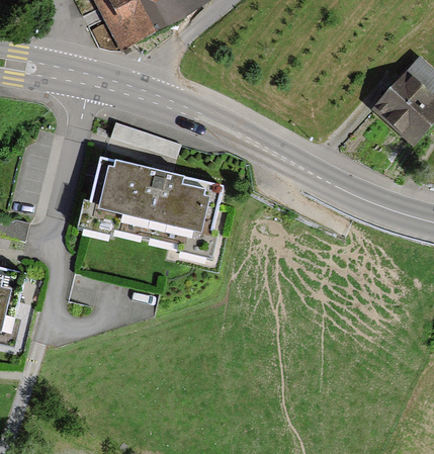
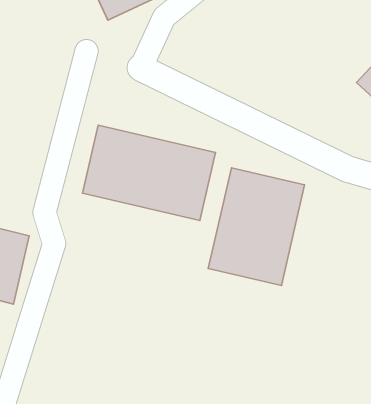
building: none -> [208,168,305,286]

